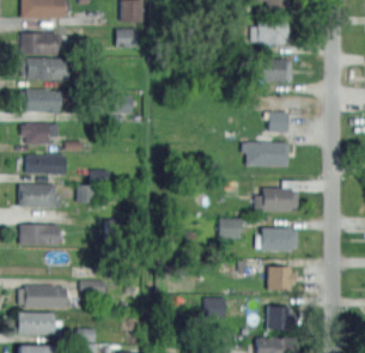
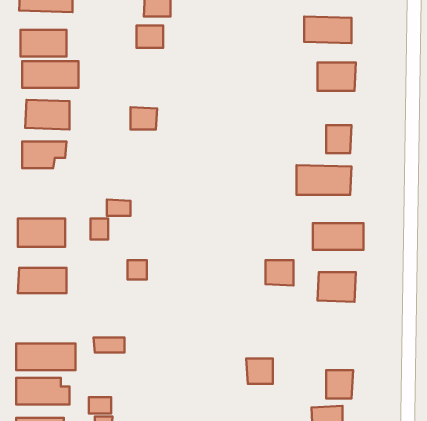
building: [26,156,65,175] -> none
building: [268,267,293,291] -> none

